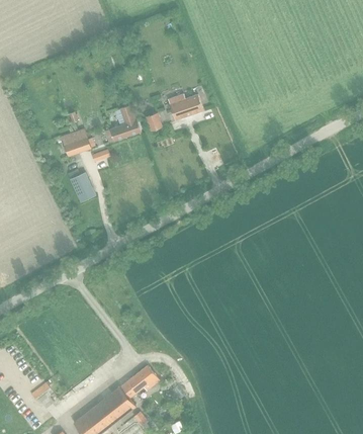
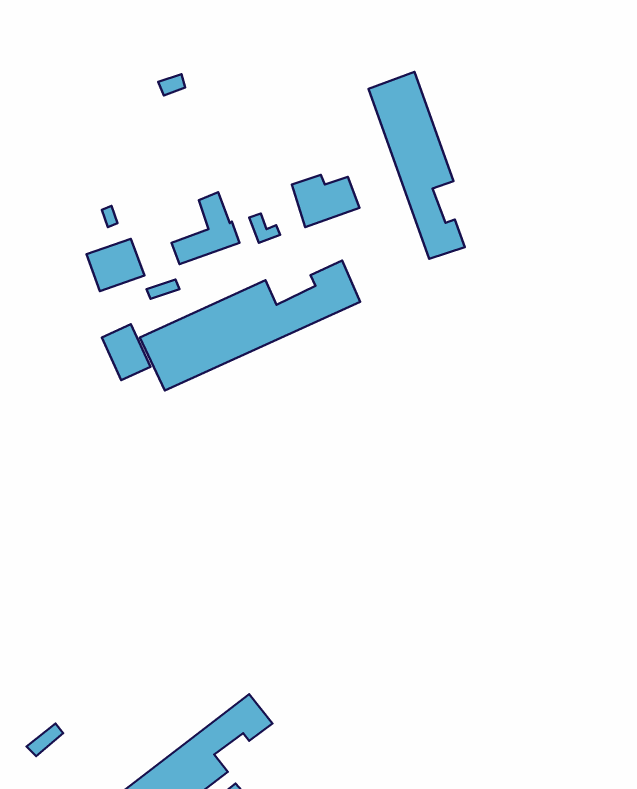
building: none -> [369,72,465,259]
building: none -> [140,260,360,391]

